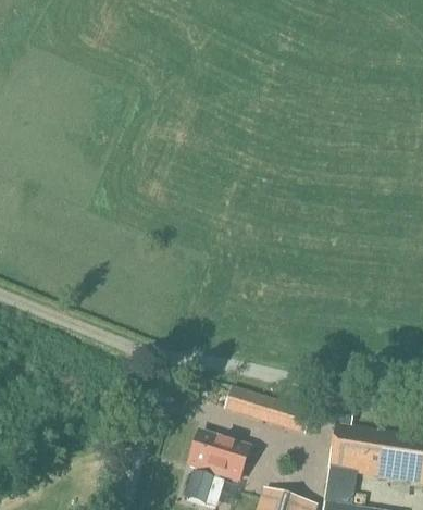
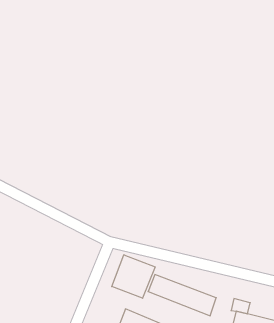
building: none -> [112,255,155,298]

